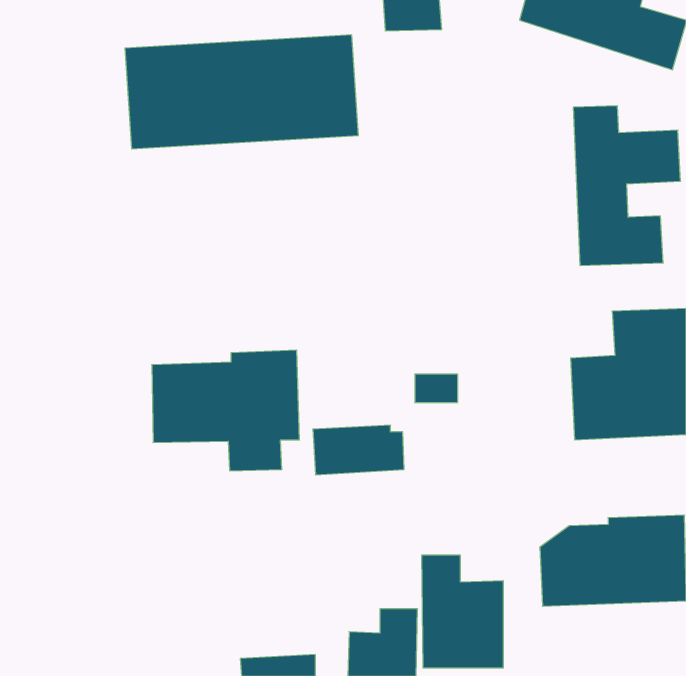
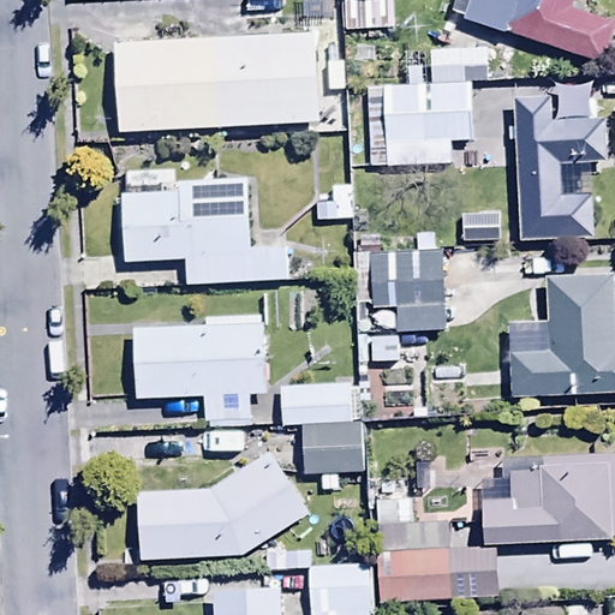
building: none -> [369,49,486,166]
building: none -> [123,179,286,283]
building: none -> [370,247,444,328]
building: none -> [303,420,364,473]
building: none -> [137,448,308,559]

